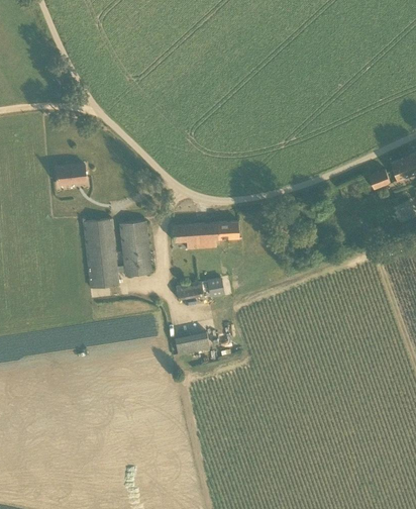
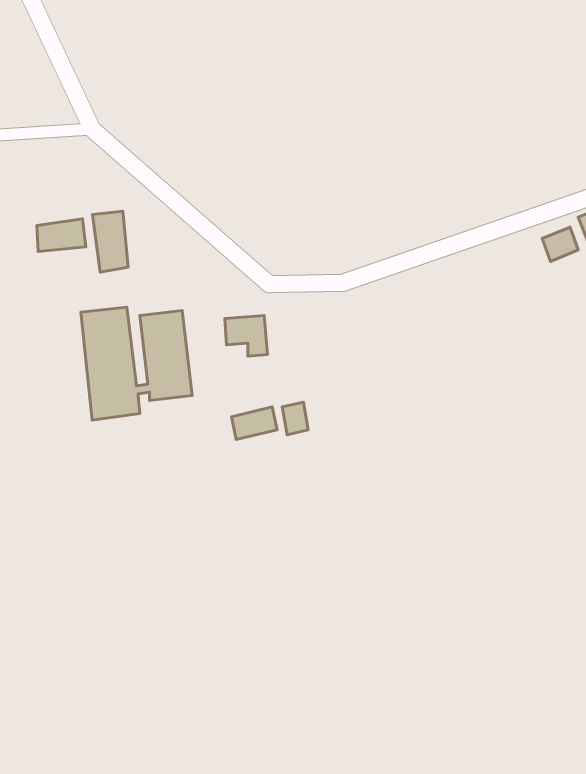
building: none -> [93,211,128,272]
building: [196,220,238,247] -> none
building: [174,330,209,354] -> none

